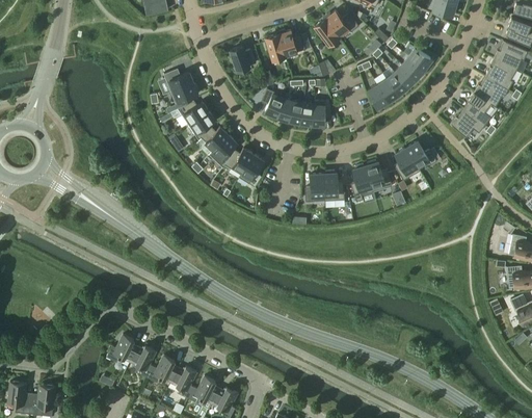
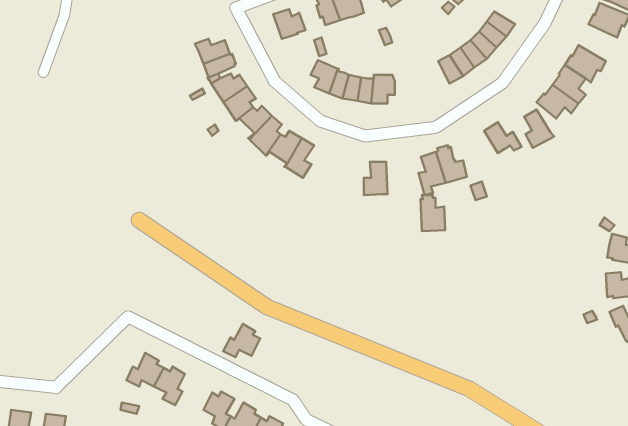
building: [485,58,517,89] -> none
building: [396,148,421,180] -> [524,109,554,148]
building: [324,171,345,201] -> [420,195,445,231]
building: [148,355,179,383] -> [223,324,260,357]

